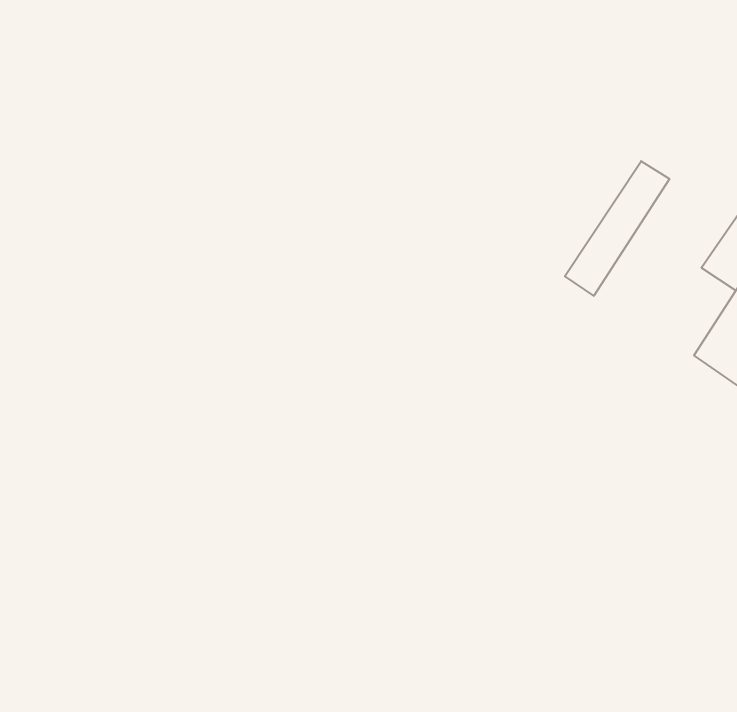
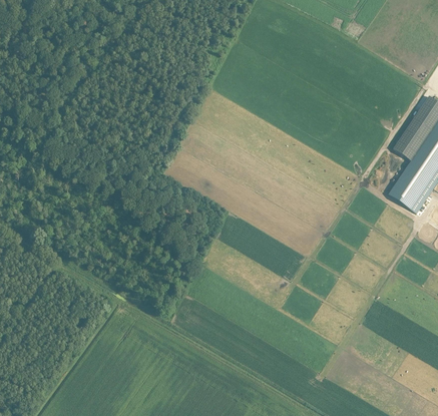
building: [565,161,669,296] -> none

